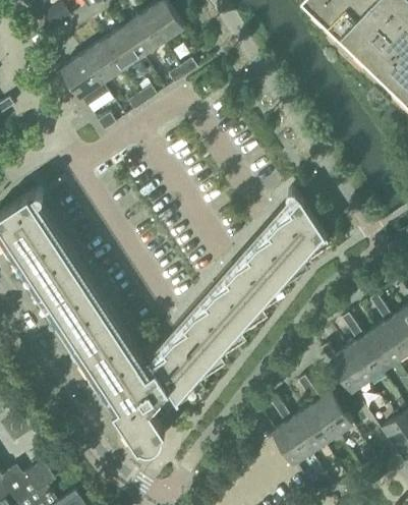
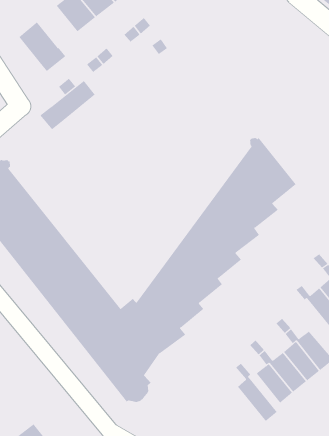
building: [80,42,120,85] -> none
building: none -> [39,80,96,130]
building: none -> [235,363,277,422]

